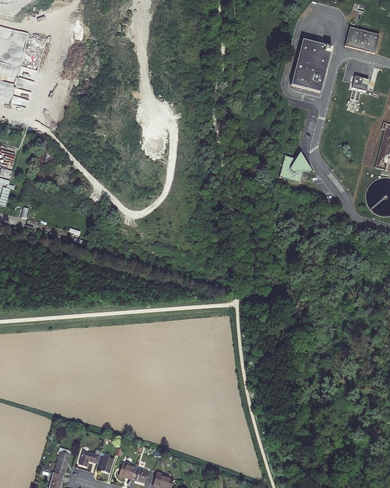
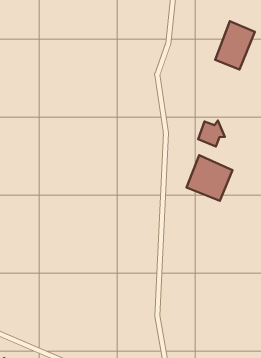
building: none -> [186,155,232,201]

